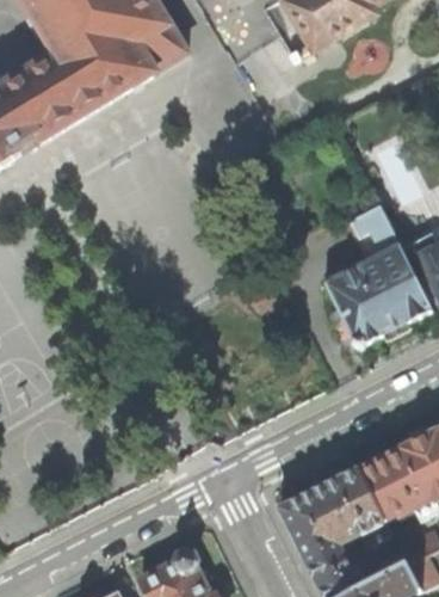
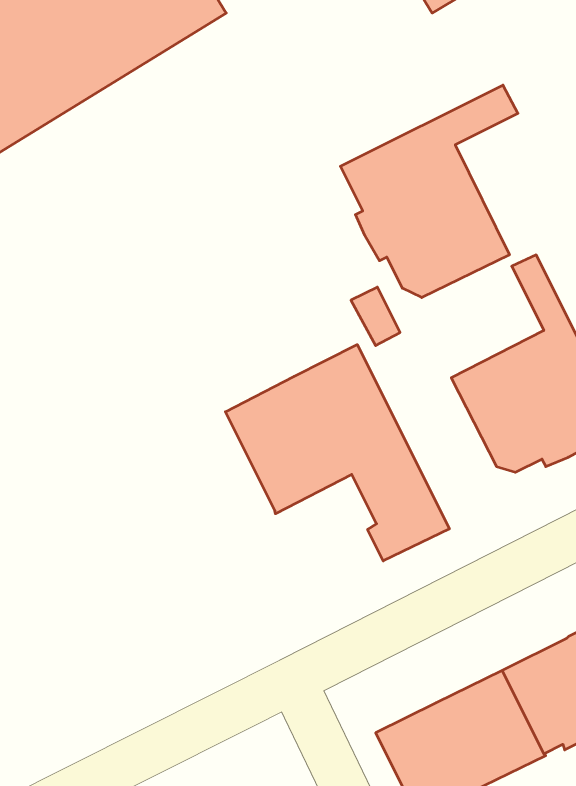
building: none -> [340,85,518,298]
building: none -> [225,345,449,561]

